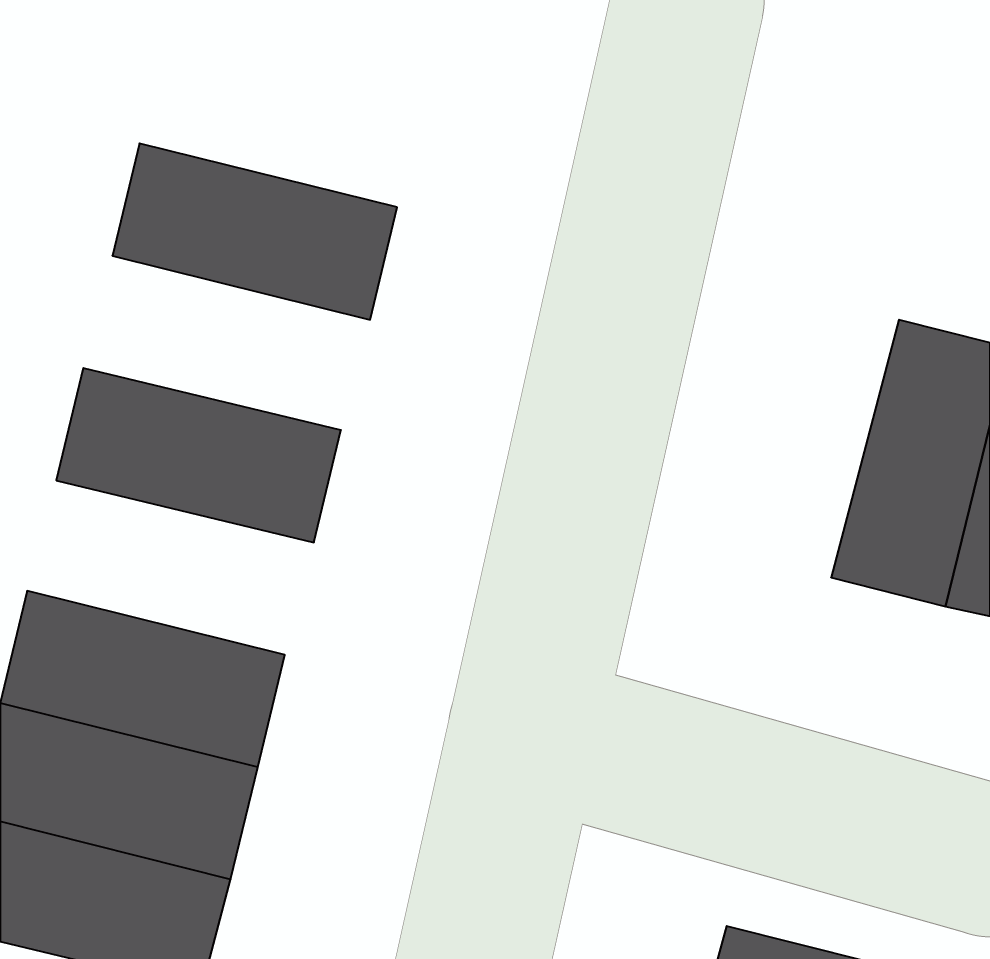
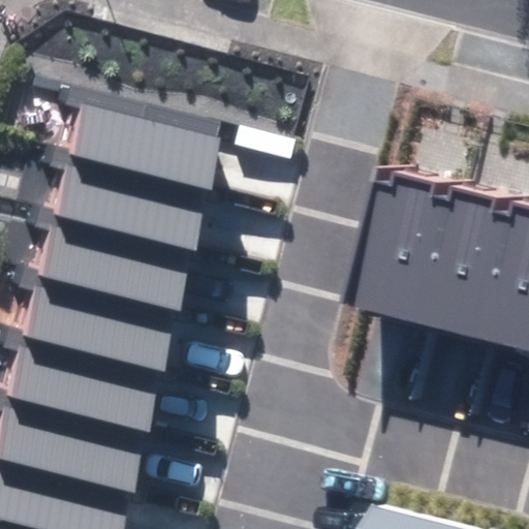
building: none -> [44,153,197,246]
building: none -> [383,172,479,324]
building: none -> [14,273,167,366]

